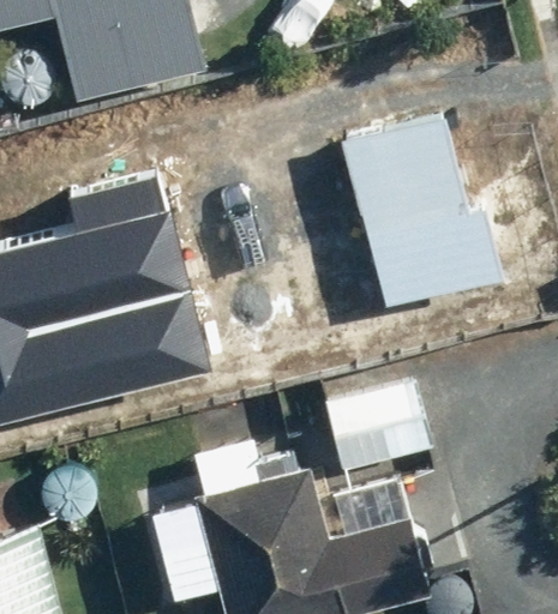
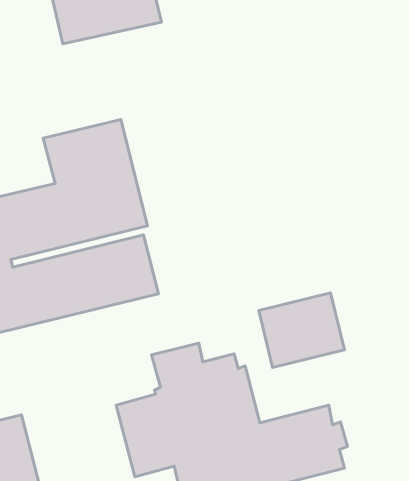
building: [334,118,499,320] -> none

